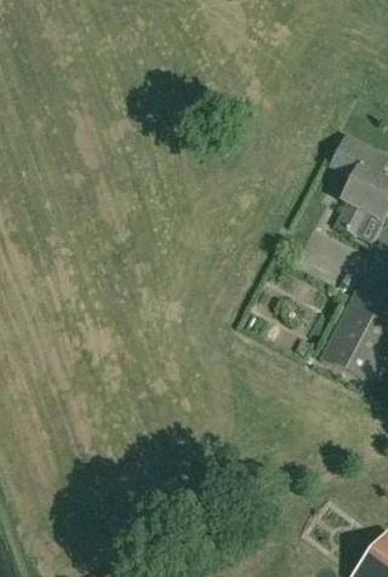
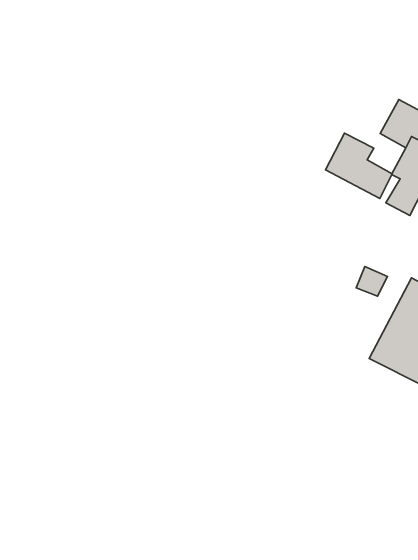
building: none -> [326,133,392,199]

